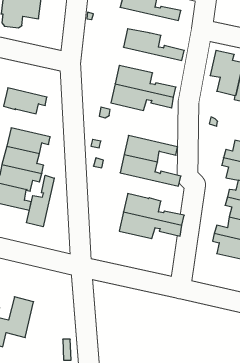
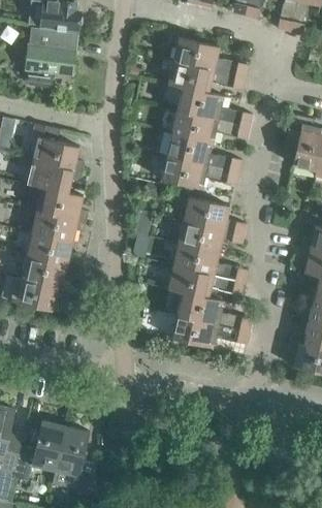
building: none -> [167,60,245,92]
building: none -> [171,109,249,141]
building: none -> [32,123,84,171]
building: none -> [37,186,88,221]
building: none -> [183,196,246,233]
building: none -> [167,265,245,297]
building: [27,175,54,227] -> none
building: none -> [52,425,96,495]

